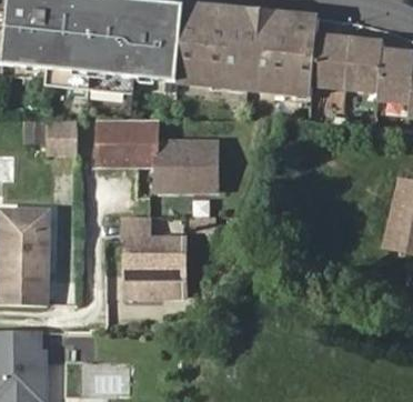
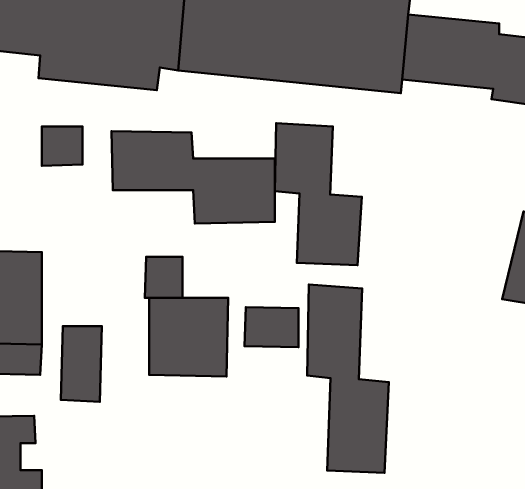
building: none -> [275,123,362,265]
building: none -> [307,285,389,473]
building: none -> [245,307,299,347]
building: none -> [61,326,102,402]

